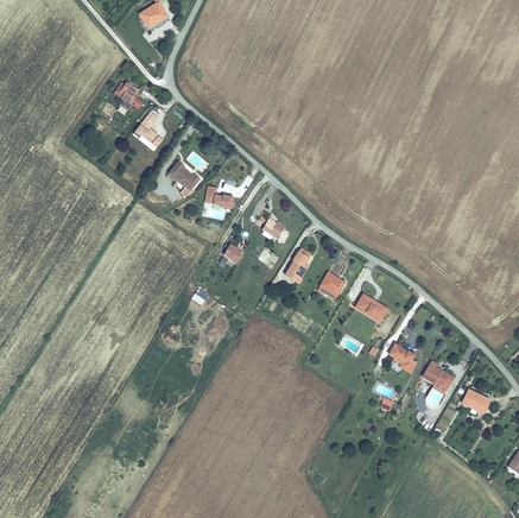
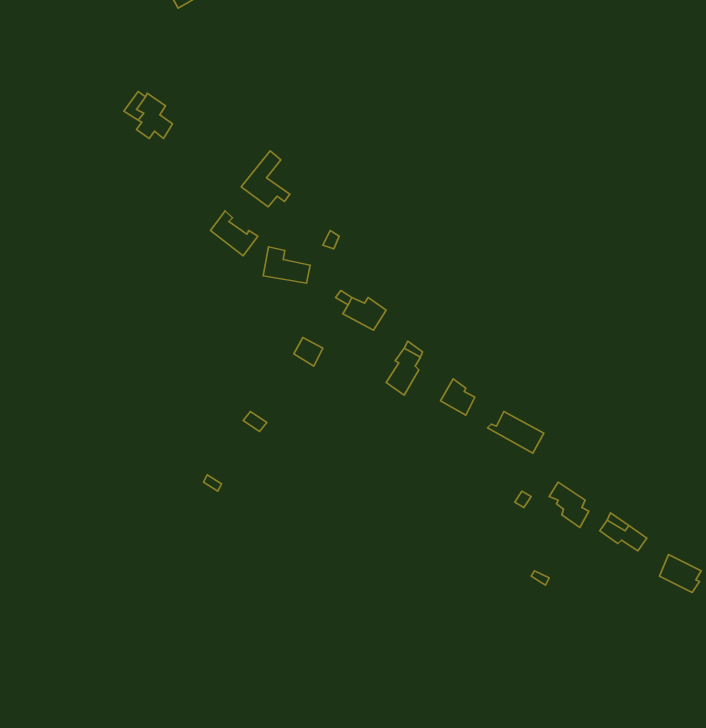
building: [132,110,164,147] -> [241,151,290,207]

